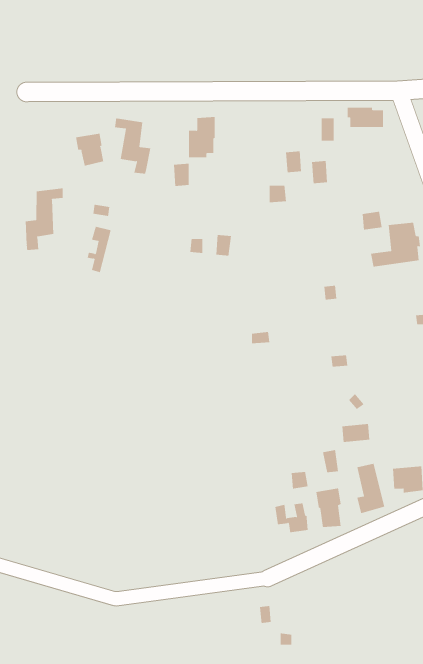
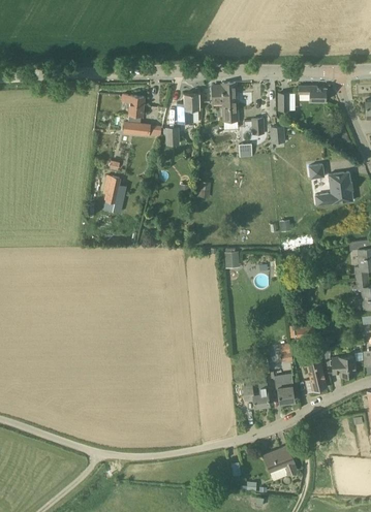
building: none -> [212,83,238,122]
building: [75,133,104,167] -> none
building: [25,187,63,251] -> none
building: none -> [262,445,297,480]

